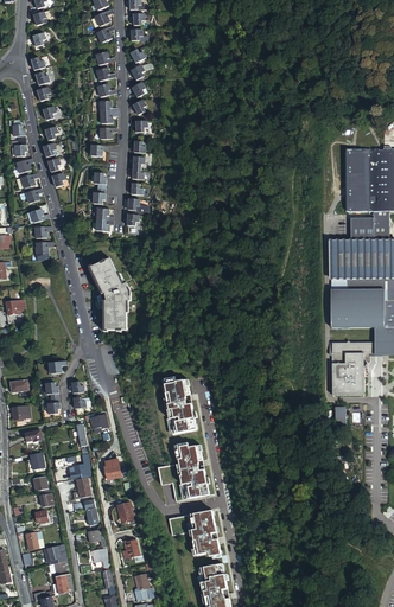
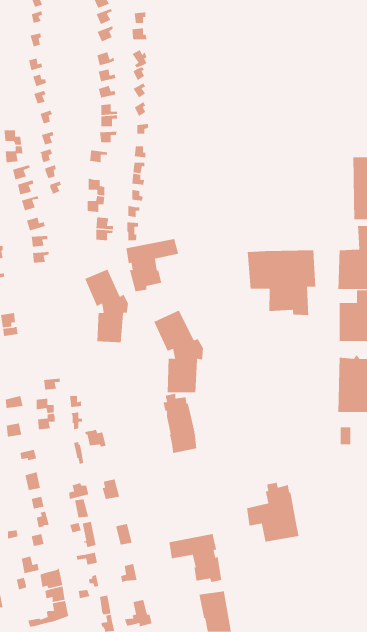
building: none -> [125,238,179,292]
building: none -> [247,249,316,316]
building: none -> [153,310,204,393]
building: [158,443,209,501] -> [246,482,300,543]

